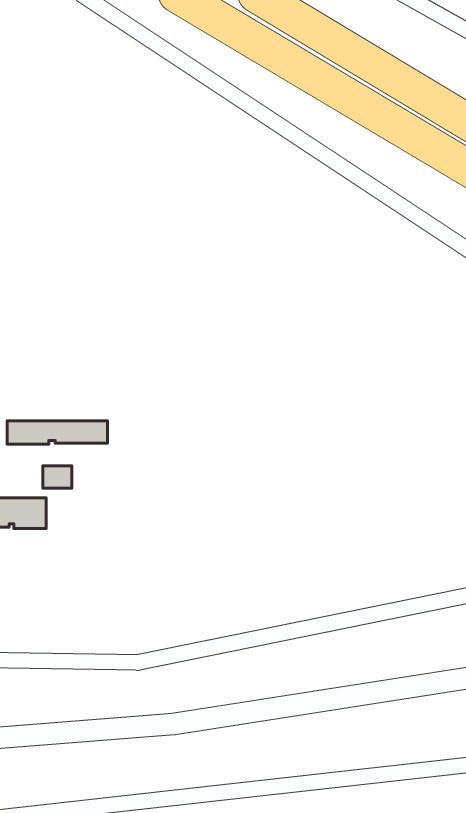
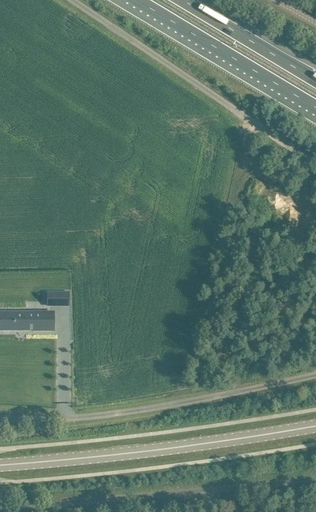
building: [7,421,107,444] -> none

